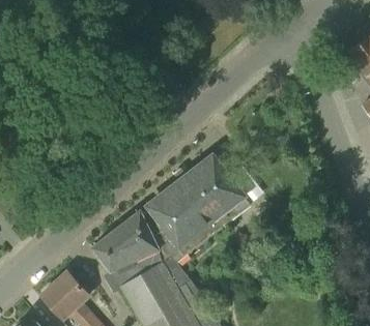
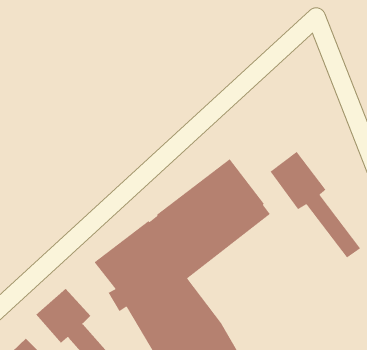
building: none -> [269,151,361,259]

